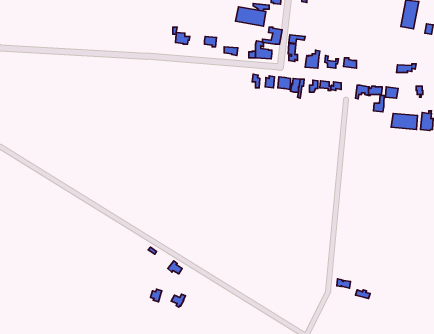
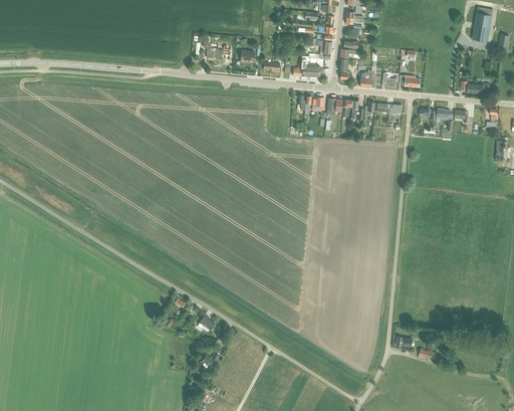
building: [235,7,266,26] -> none
building: [391,113,418,130] -> none

